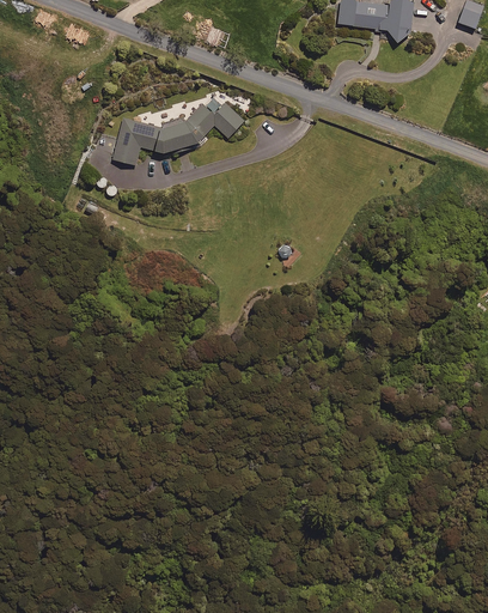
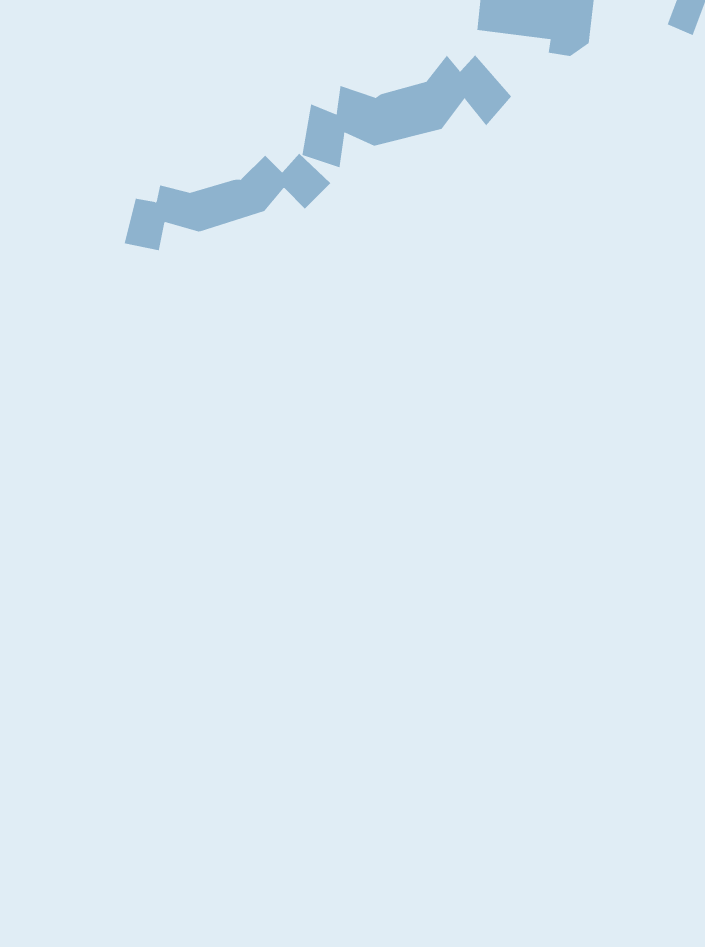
building: none -> [302,54,512,168]

